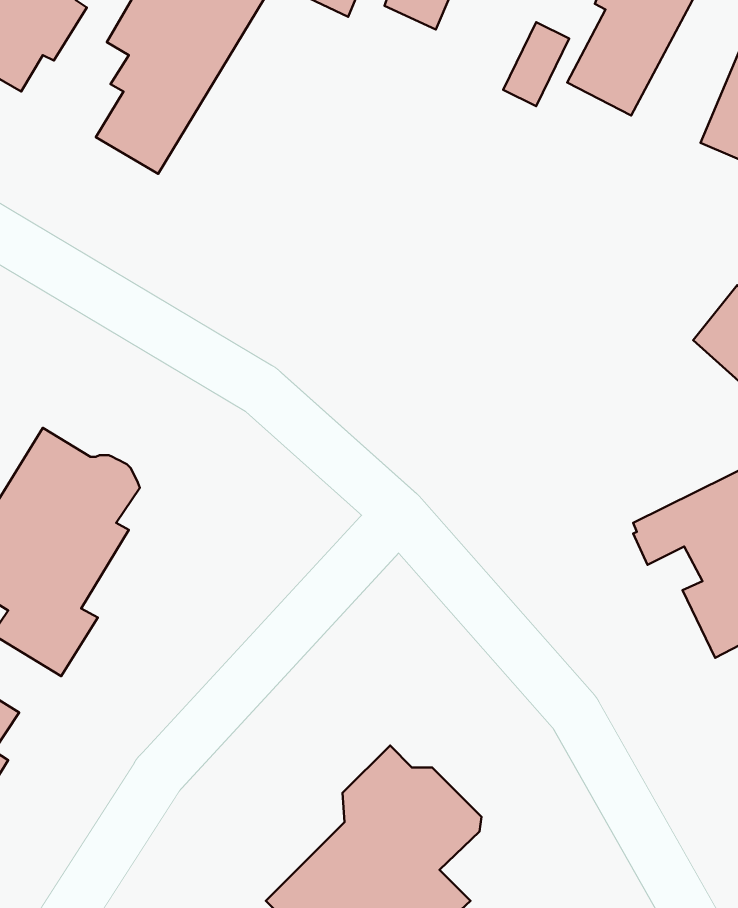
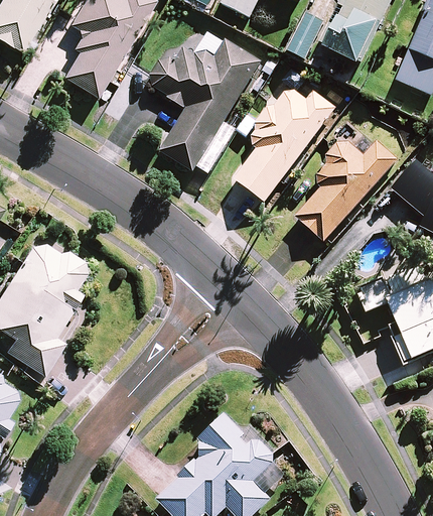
building: none -> [150,39,261,170]
building: none -> [234,91,334,202]
building: none -> [296,140,396,241]

